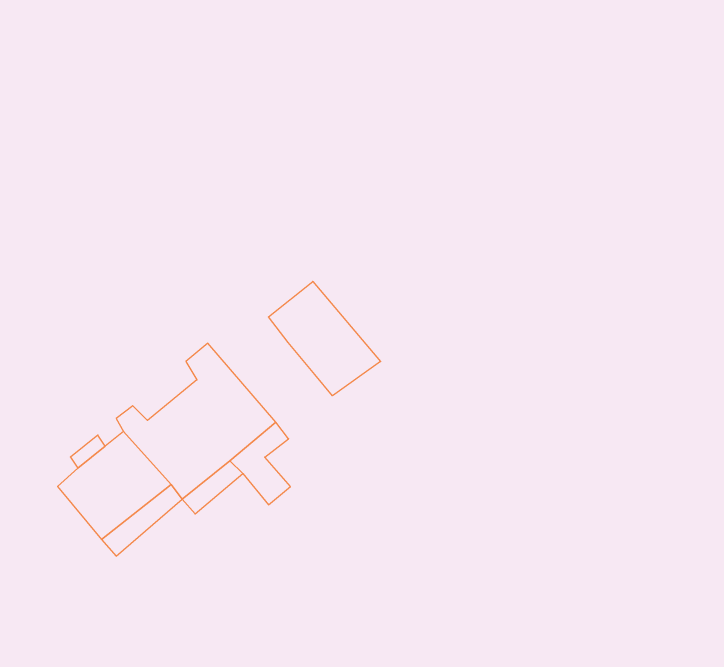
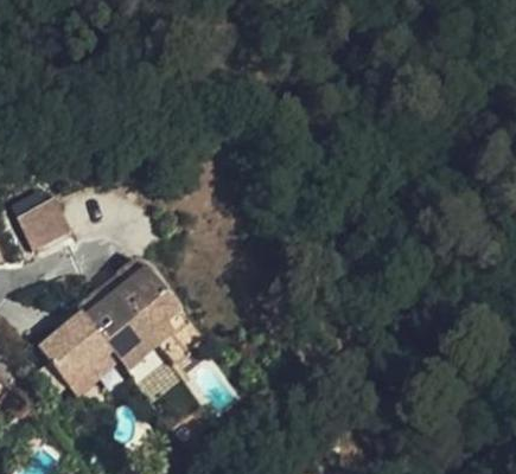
building: none -> [13,192,72,249]
building: [268,281,381,396] -> none

